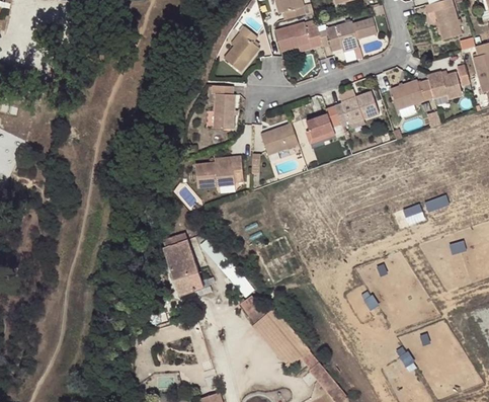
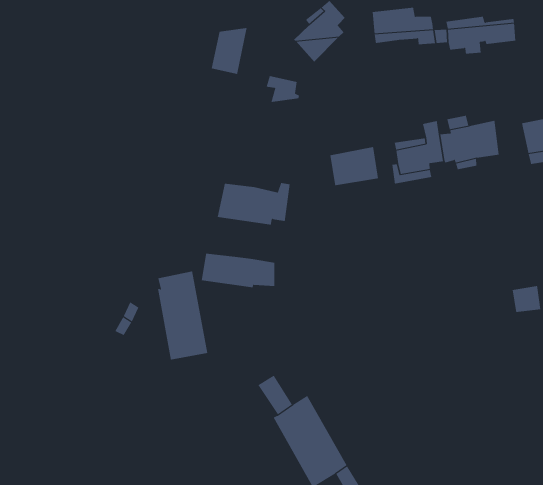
building: [215,99,235,133] -> [211,27,247,75]
building: none -> [201,253,275,288]

